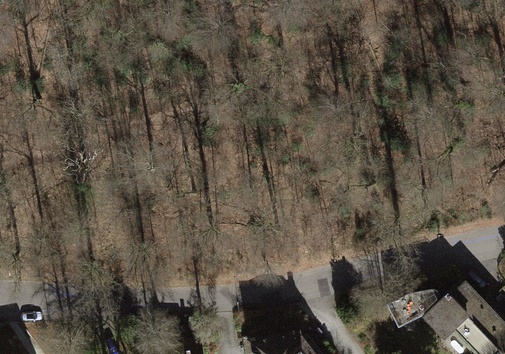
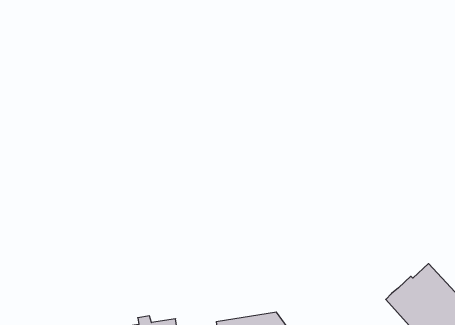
building: [387,289,440,326] -> none

